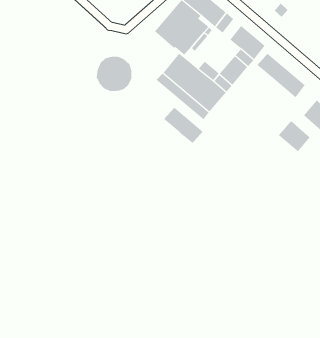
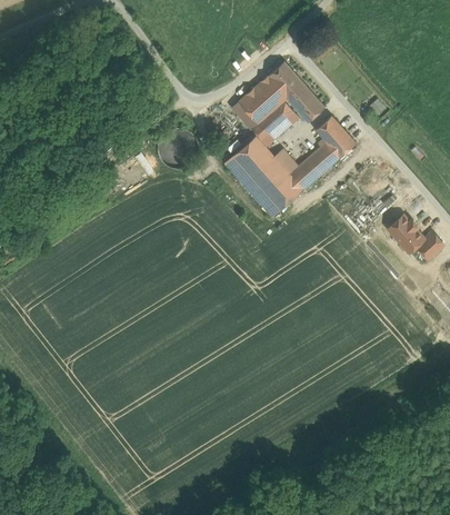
building: [256,53,306,98] -> none
building: [163,107,204,144] -> none
building: [279,120,311,152] -> none

